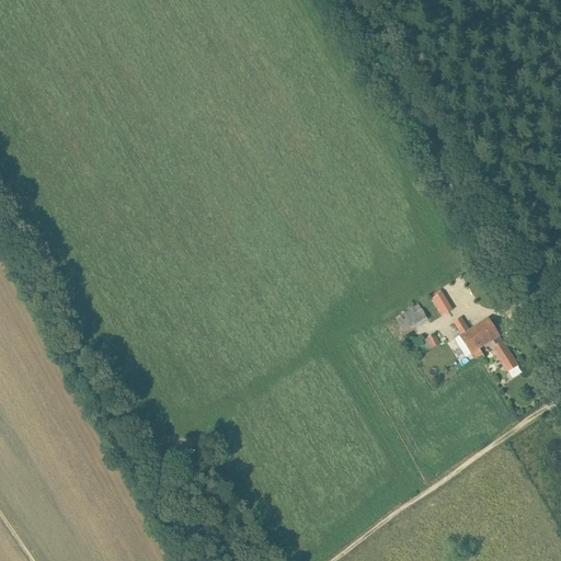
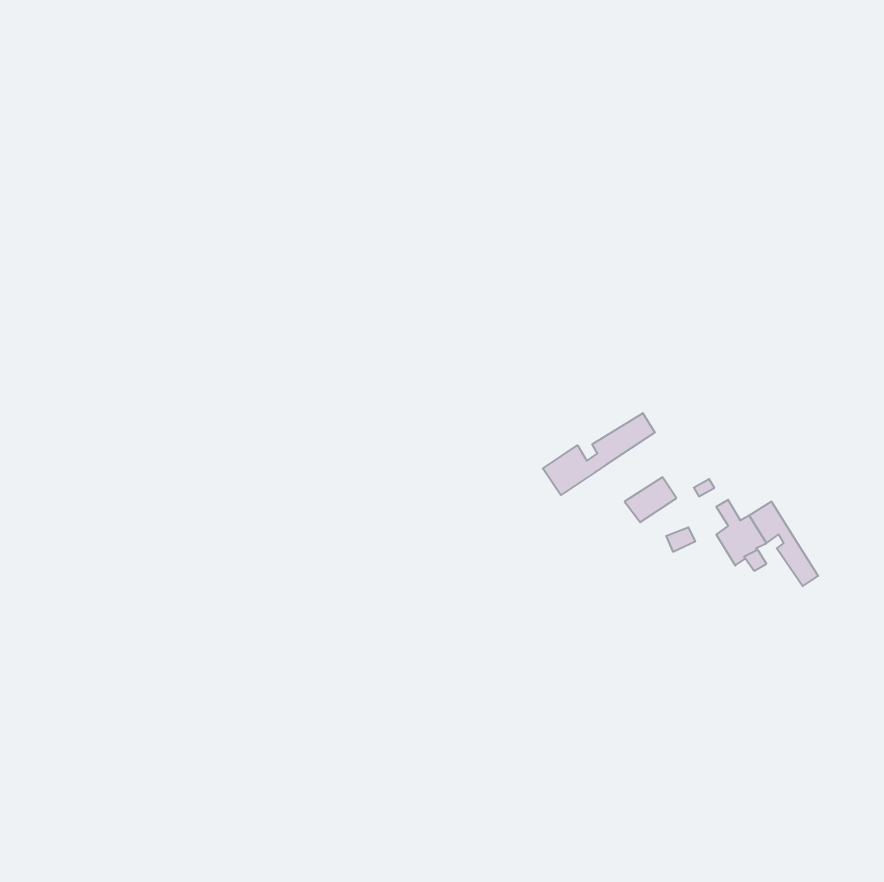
building: none -> [543,413,655,495]

